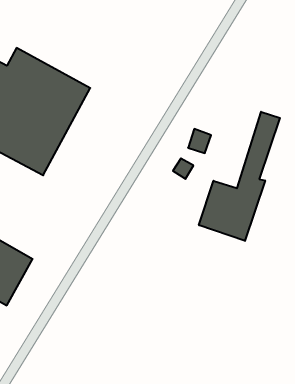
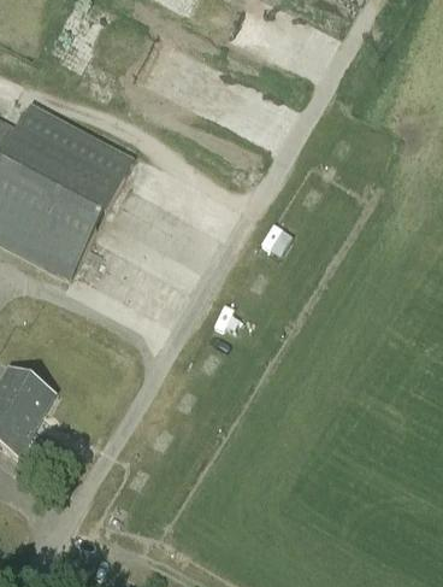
building: [199,112,280,241] -> none

